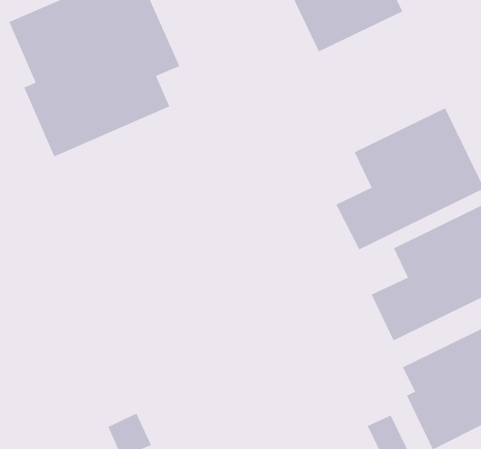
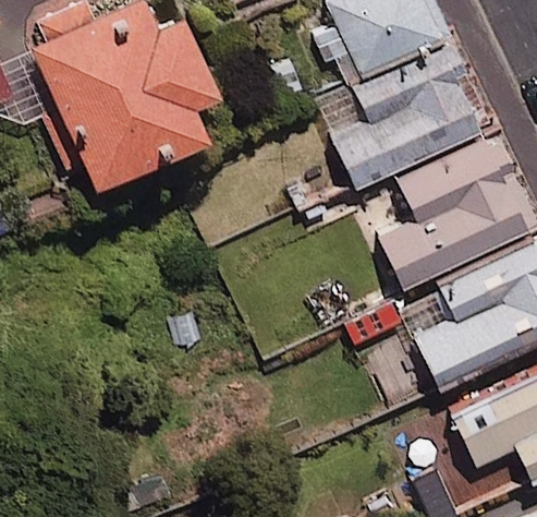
building: none -> [321,44,493,188]

